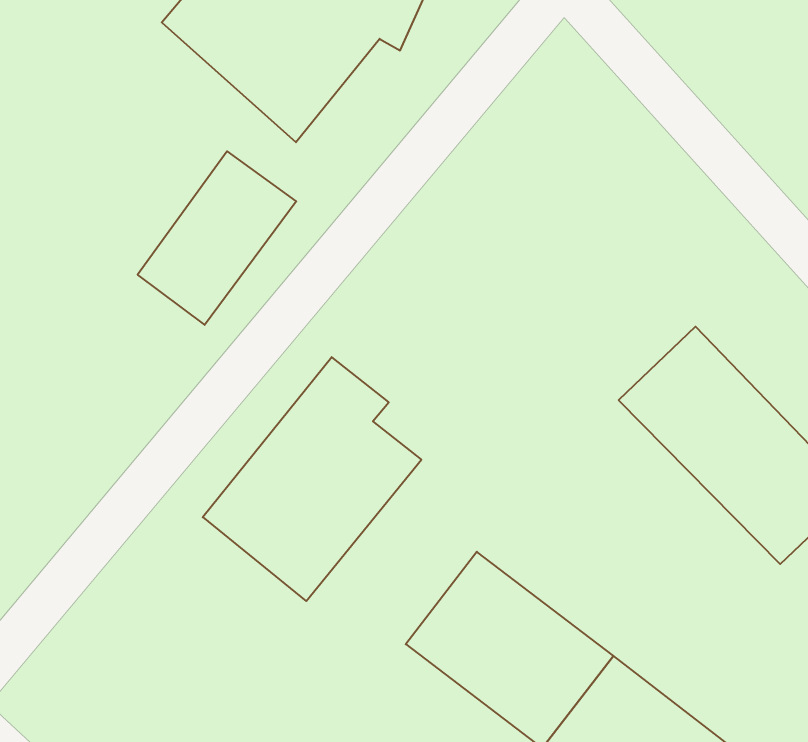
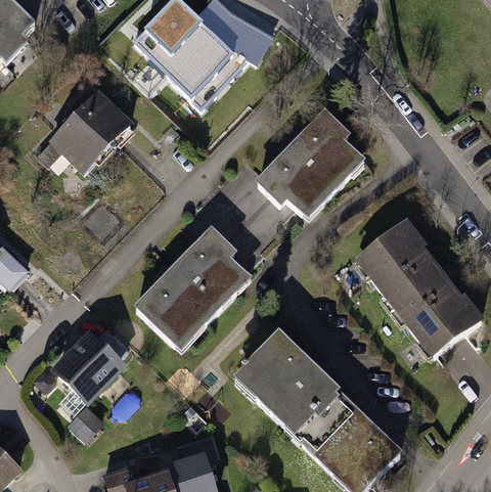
building: none -> [256,110,364,222]
building: [138,151,296,325] -> [60,86,147,176]
building: none -> [48,329,124,404]

